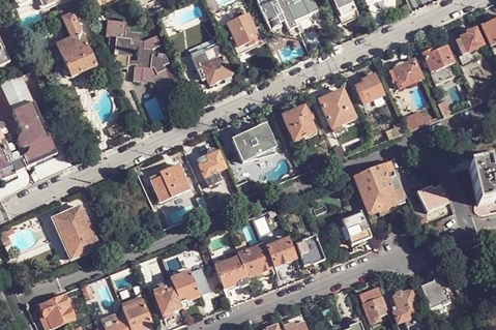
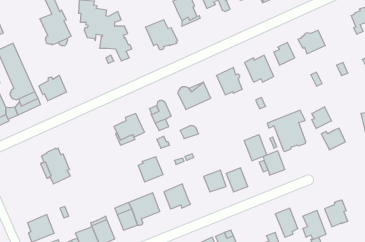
building: [422,44,454,71] -> none
building: none -> [39,75,67,101]
building: none -> [312,107,332,129]
building: none -> [244,135,267,161]
building: [239,244,271,276] -> [138,157,163,182]

